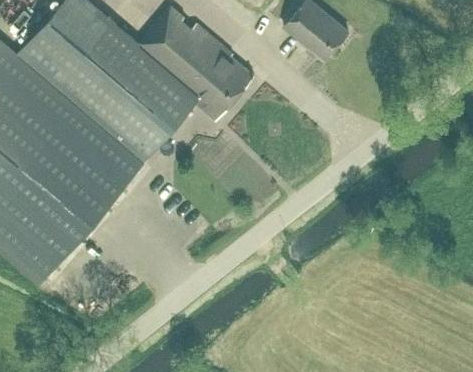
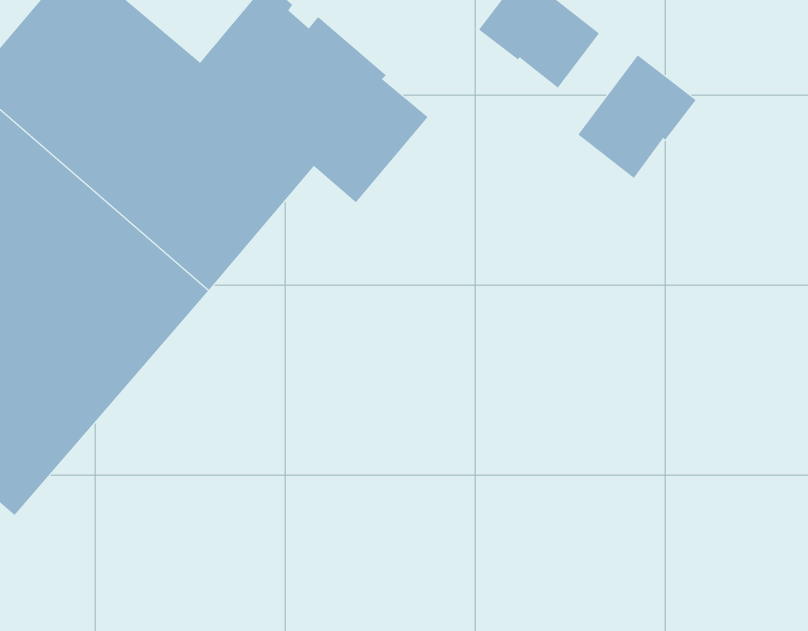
building: none -> [577,55,697,179]

